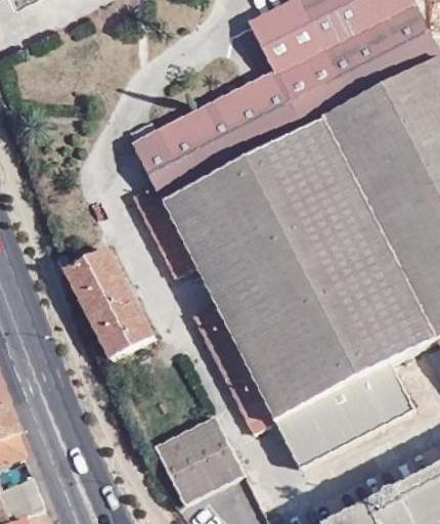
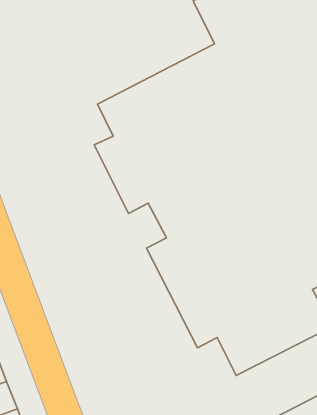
building: [62,244,151,355] -> none
building: [155,414,243,501] -> none

